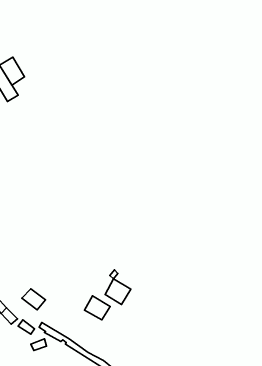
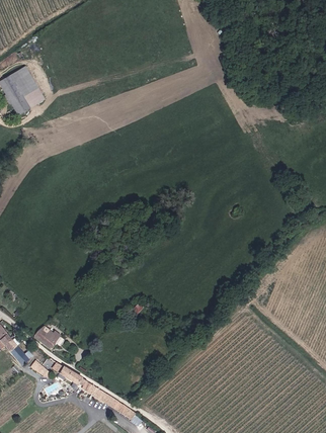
building: [105,279,131,305] -> none
building: [84,296,110,320] -> none

